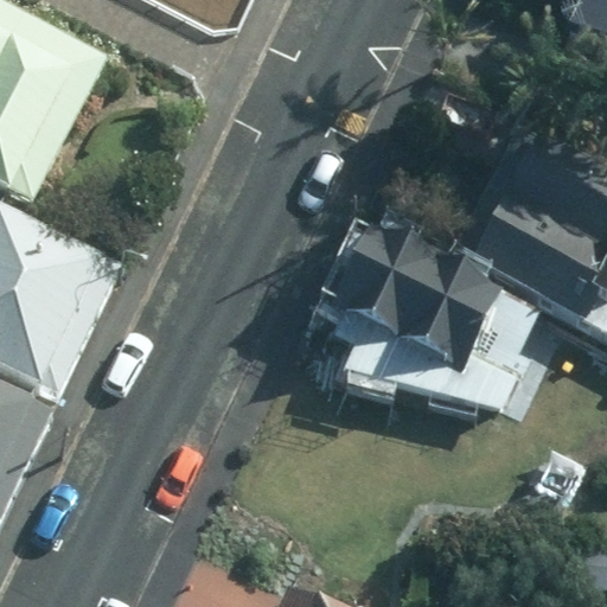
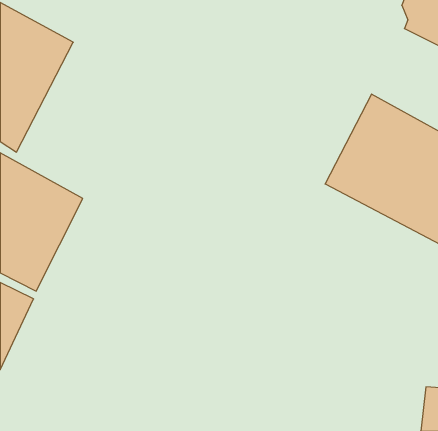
building: [317,225,542,415] -> none

